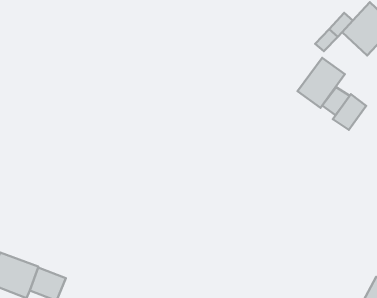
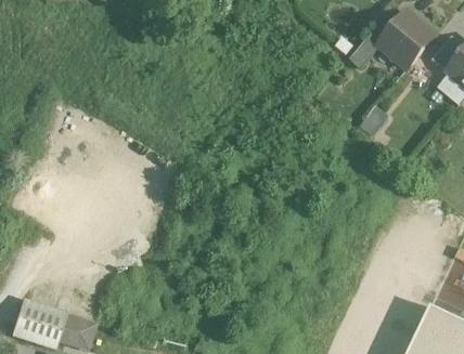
building: [298,58,345,108] -> none
building: [333,94,366,130] -> none

